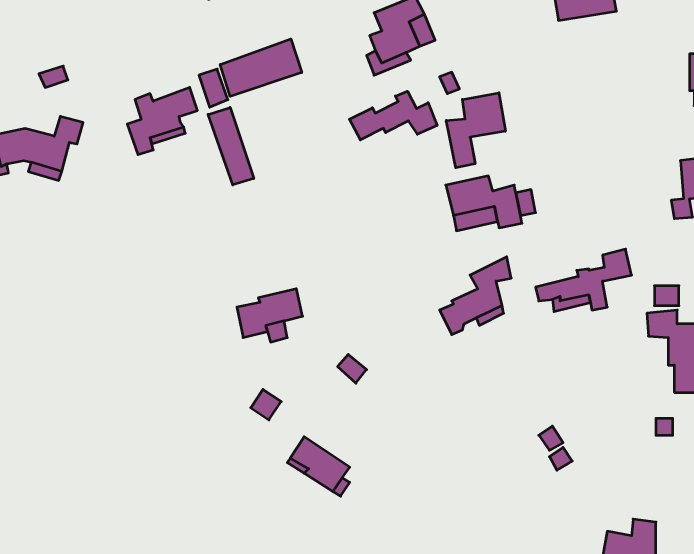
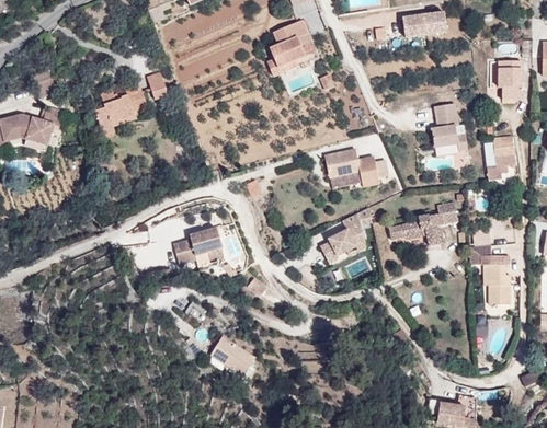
building: [220,39,302,96] -> none
building: [349,91,437,140] -> none
building: [446,93,505,168] -> none
building: [208,107,254,185] -> none
building: none -> [432,103,468,151]

